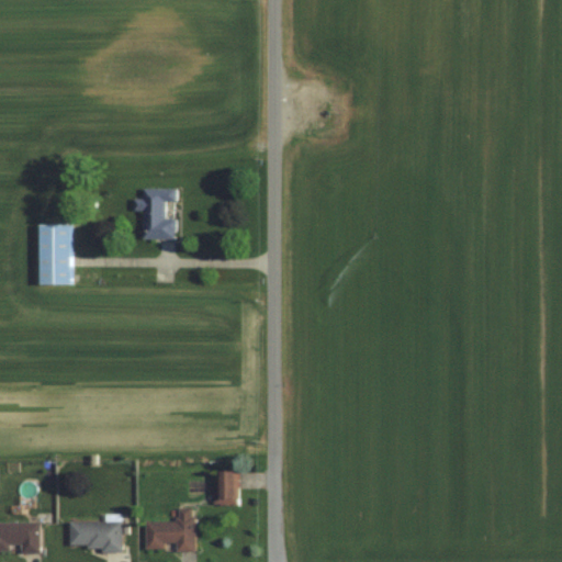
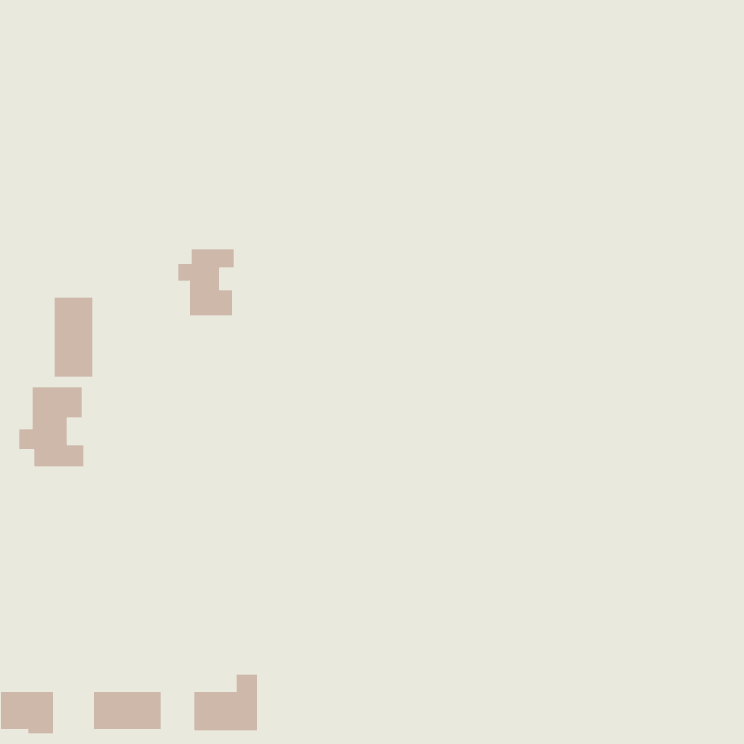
building: none -> [19,386,84,467]
building: [217,471,237,505] -> none

